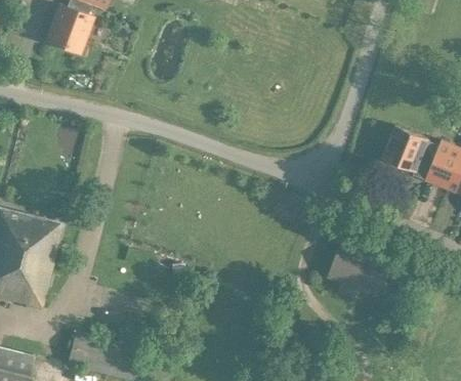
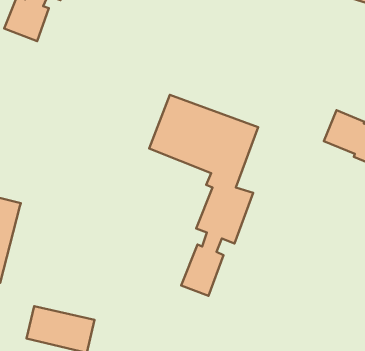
building: none -> [149,95,258,296]
building: [330,246,389,294] -> none

